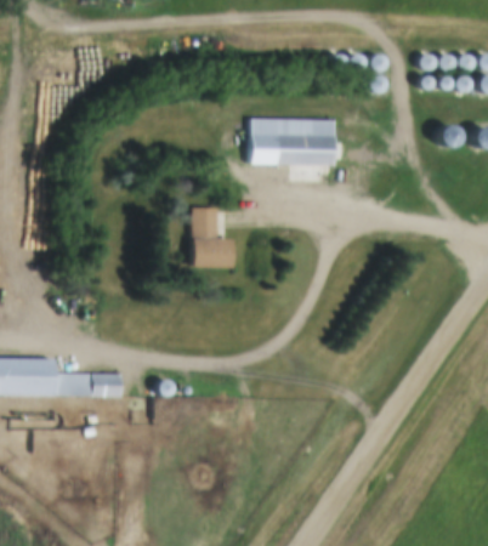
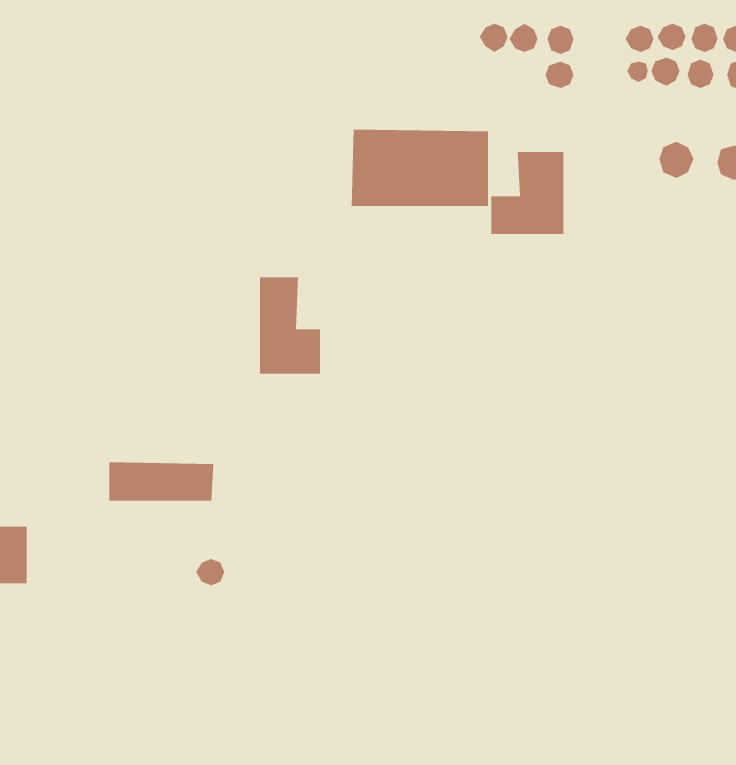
building: none -> [491,151,564,235]
building: [58,372,123,397] -> [108,462,214,501]

